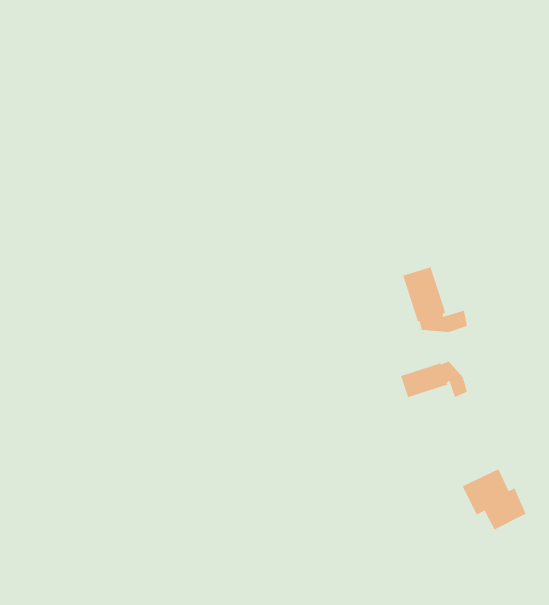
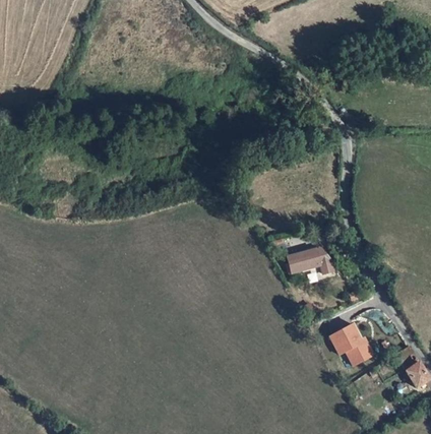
building: [402,266,467,333] -> none

